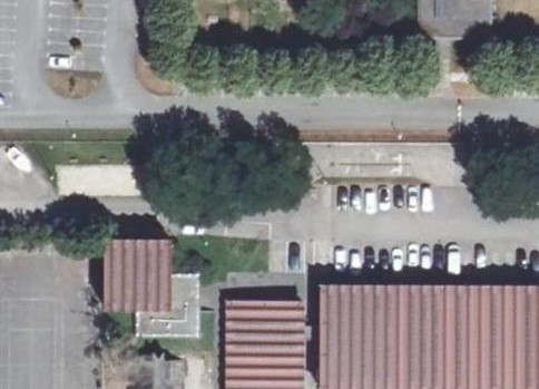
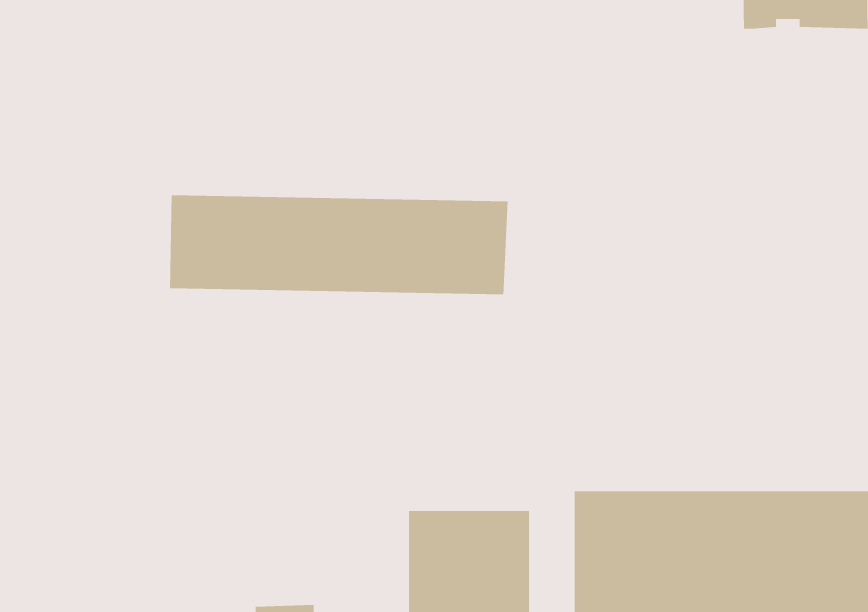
building: none -> [169,195,508,295]
building: [105,242,197,332] -> none

